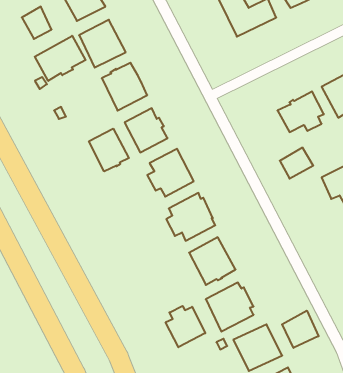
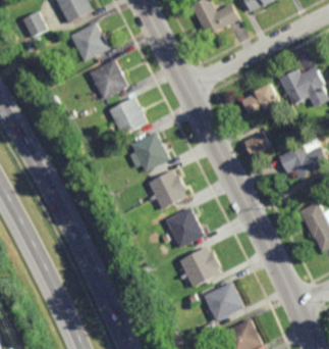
building: [35,36,86,81] -> none
building: [89,129,129,171] -> none
building: [166,306,205,347] -> none
building: [282,311,319,348] -> none

